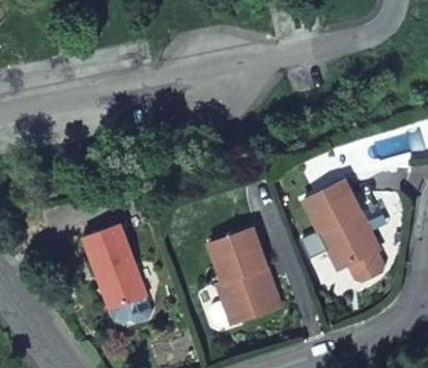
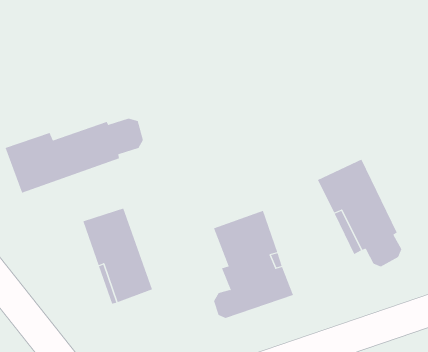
building: none -> [5,118,143,194]

